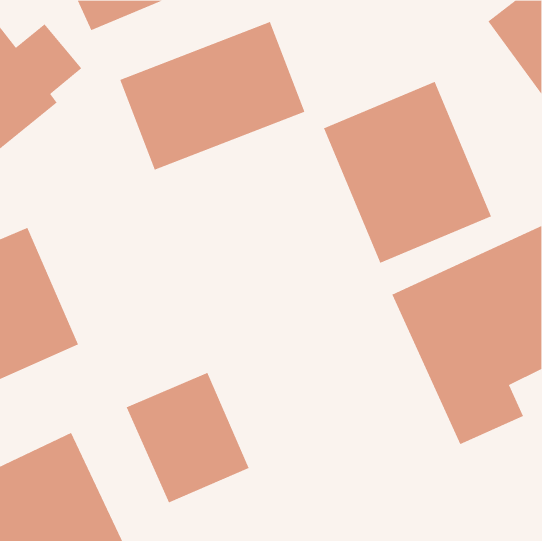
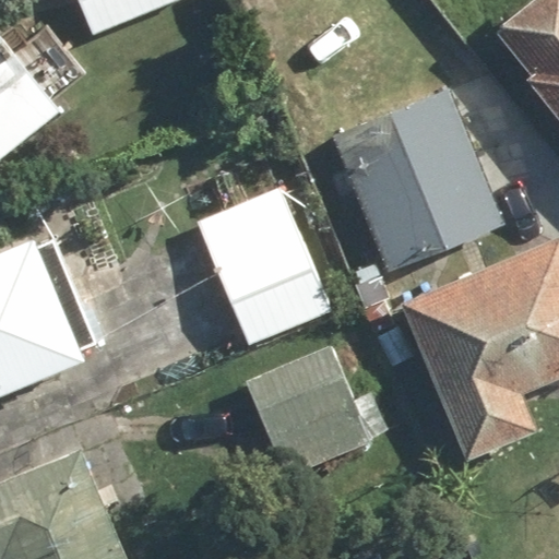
building: [120,21,305,170] -> none
building: none -> [199,188,333,348]
building: [126,372,249,503] -> [246,344,372,478]

